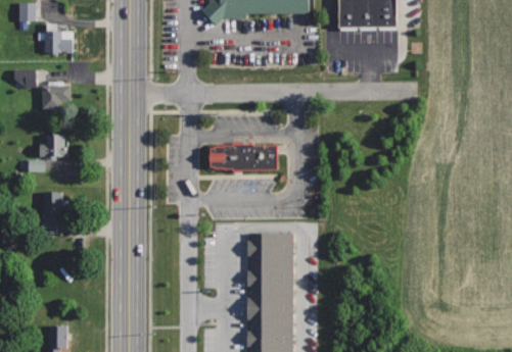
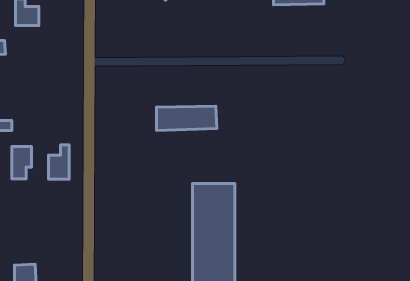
building: [42,84,73,110] -> none
building: [40,134,68,157] -> none
building: none -> [48,145,69,179]

